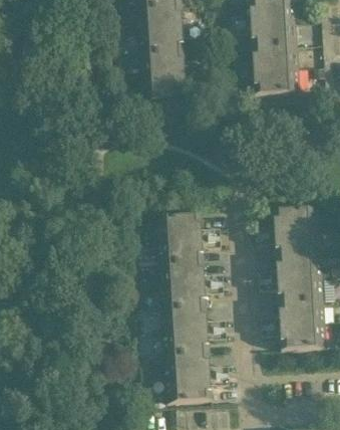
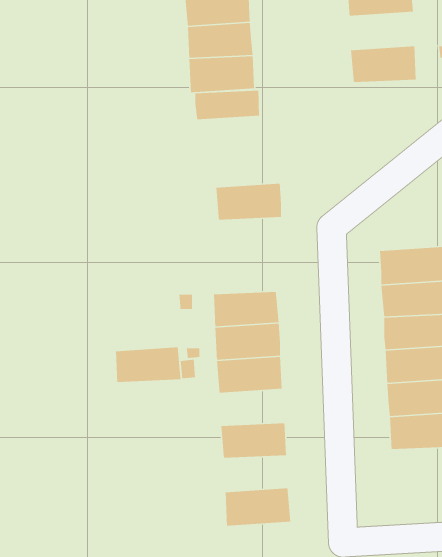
building: [252,44,298,70] -> none
building: none -> [194,90,260,120]
building: [155,214,202,240] -> [215,183,282,221]
building: [161,306,208,332] -> [115,347,181,383]
building: [164,353,210,378] -> none

